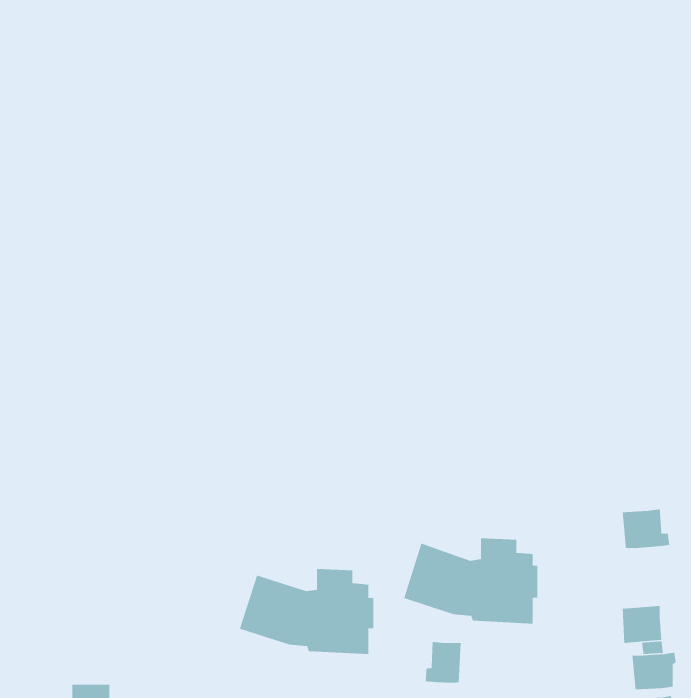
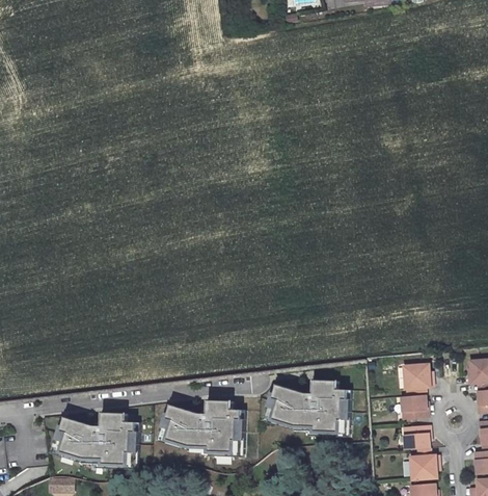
building: none -> [401,393,427,417]
building: none -> [50,412,138,468]
building: [425,641,462,683] -> none

